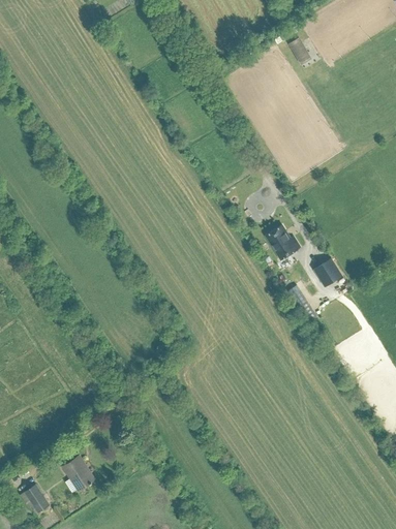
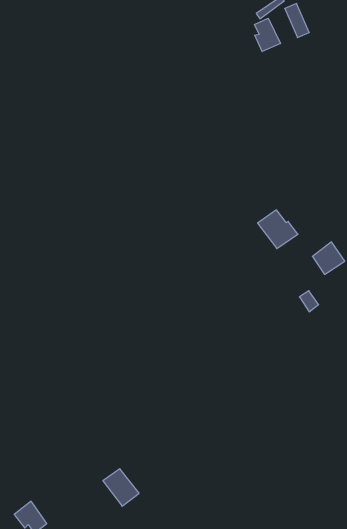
building: none -> [255,18,280,52]
building: [61,456,94,491] -> [103,469,139,506]

